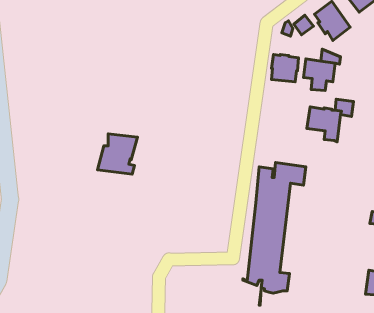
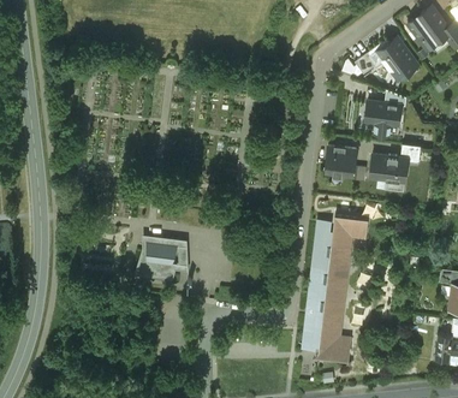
building: [271,54,299,82] -> [326,145,356,176]
building: [97,134,138,174] -> [135,234,179,279]

